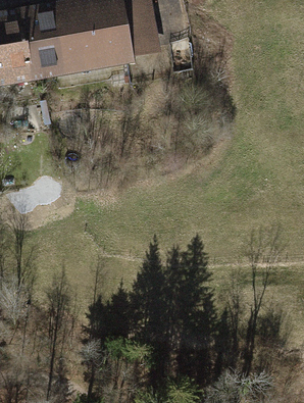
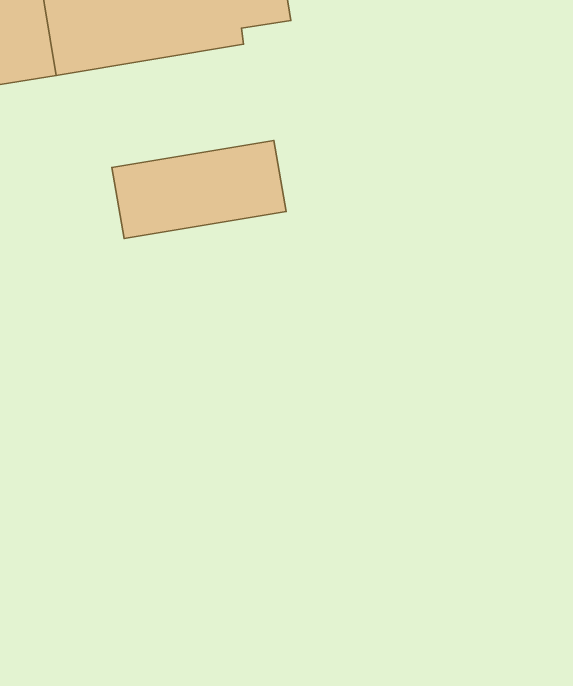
building: none -> [112,140,286,238]

